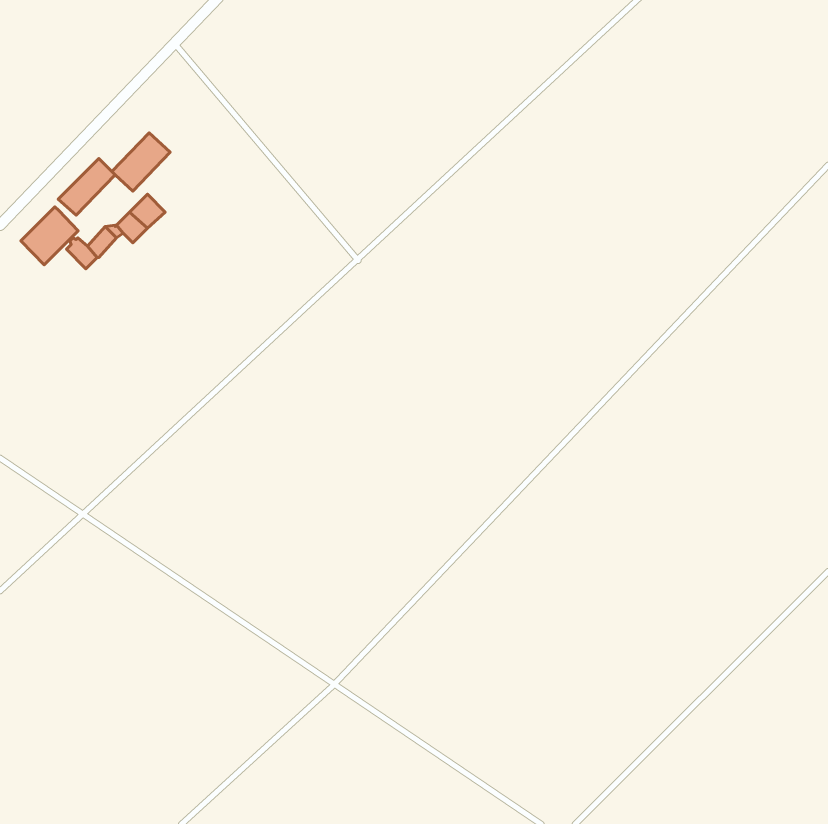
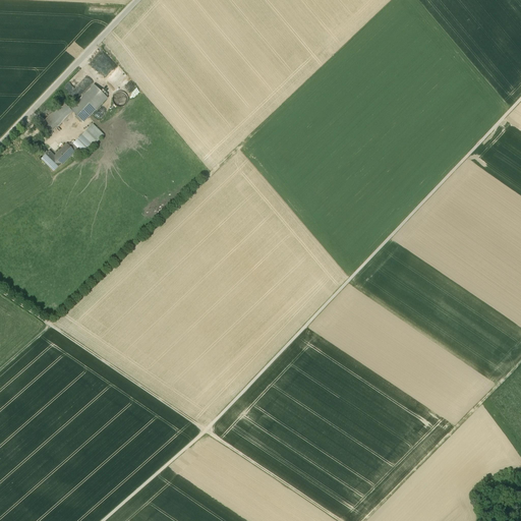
building: [21,207,78,265] -> none

